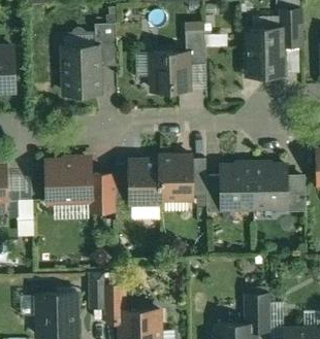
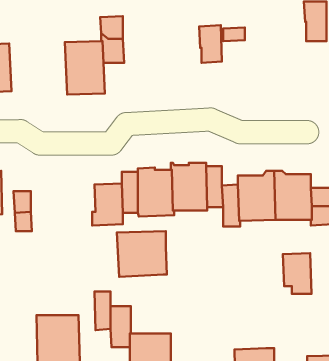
building: [247,28,283,74] -> none
building: [152,52,188,91] -> none
building: [45,161,91,202] -> [117,231,167,277]
building: [245,294,270,331] -> [283,253,311,294]

